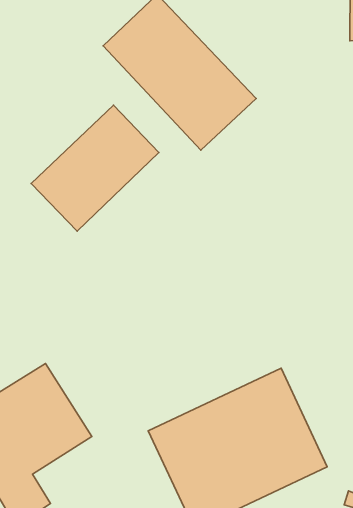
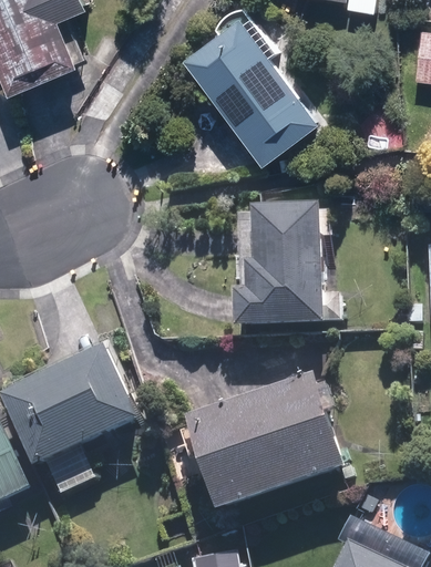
building: [31,105,159,231] -> none
building: none -> [228,199,332,324]

